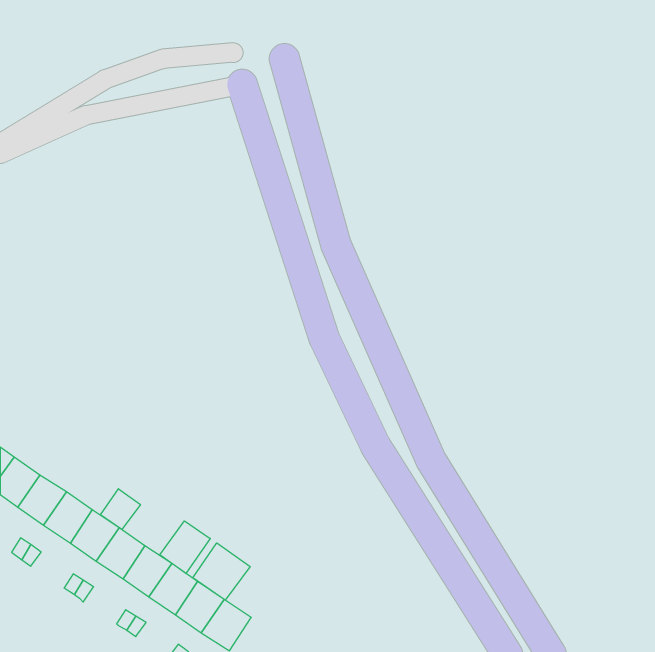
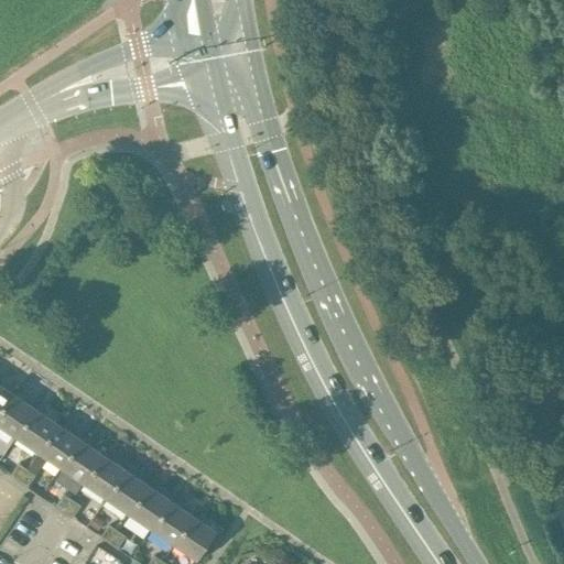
building: [100,489,140,530] -> none
building: [160,521,210,574] -> none
building: [193,543,250,600] -> none

